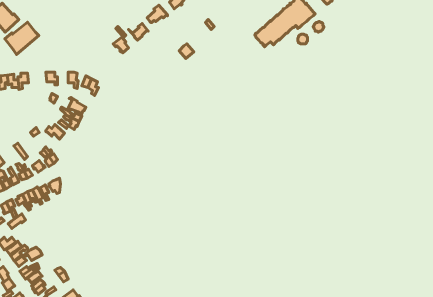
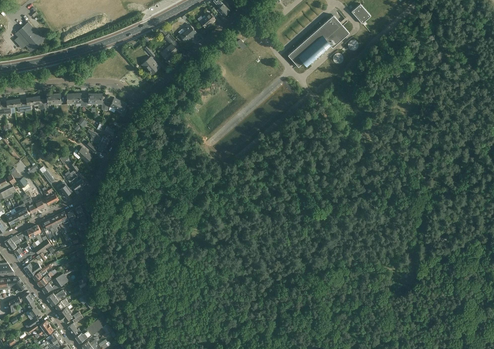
building: [5,22,39,54] -> none

